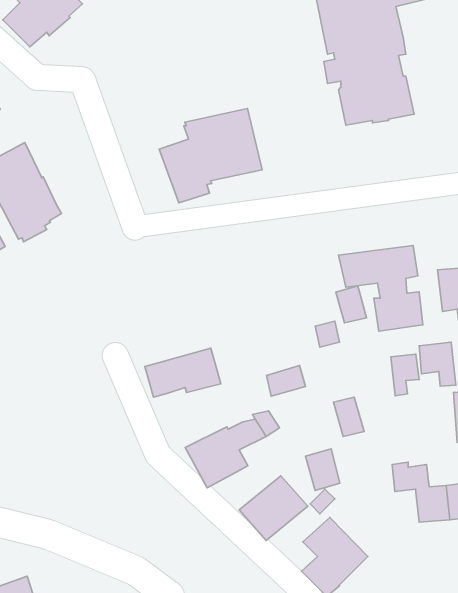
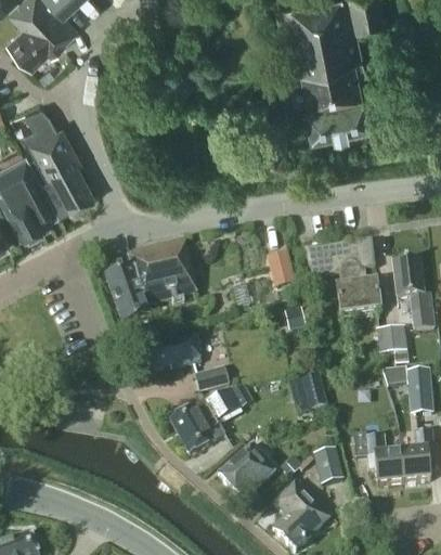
building: none -> [24,103,95,206]
building: [159,109,262,203] -> [105,238,196,322]
building: [336,286,366,323] -> [267,253,294,285]
building: [391,354,419,396] -> none
building: [266,366,306,396] -> [194,364,229,391]
building: [305,449,340,491] -> [312,447,342,483]

